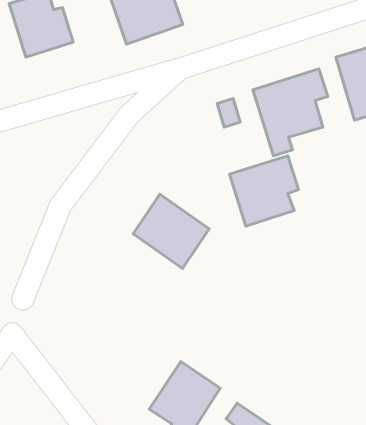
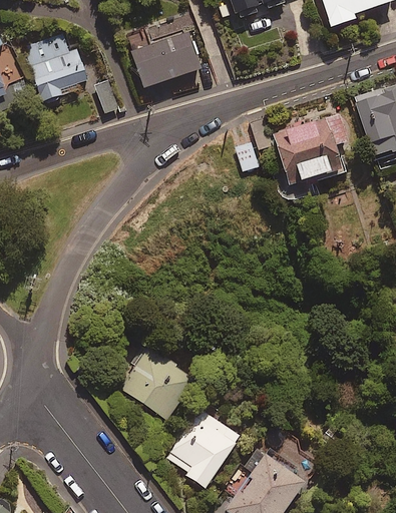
building: [230,156,298,226] -> none
building: [133,194,209,268] -> [117,345,194,420]

